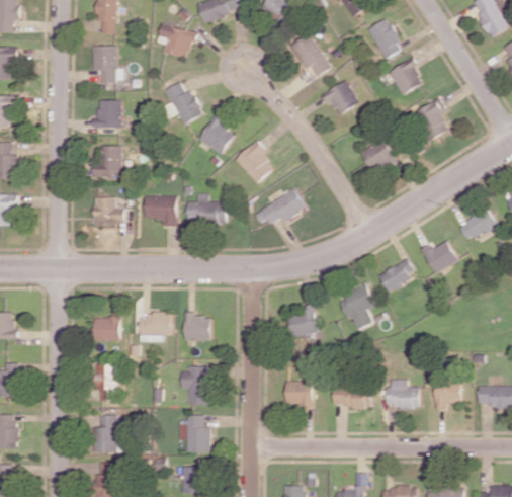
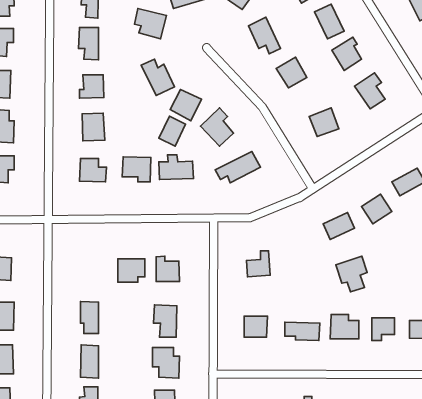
building: none -> [159,116,186,146]
building: [337,286,373,328] -> [336,256,367,292]
building: [93,312,120,340] -> none

